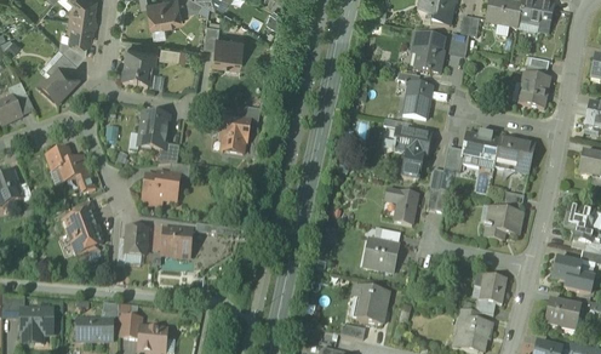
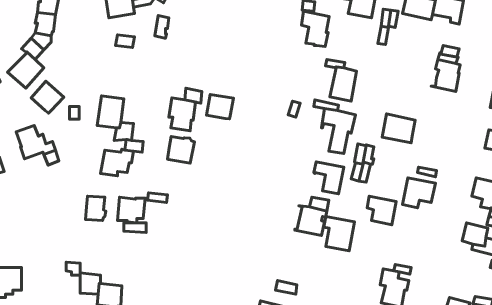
building: [413,32,445,72] -> [302,11,329,46]
building: [213,36,241,63] -> none
building: [122,46,156,85] -> none
building: none -> [31,81,64,113]
building: none -> [207,94,234,119]
building: [496,137,534,173] -> none
building: none -> [167,137,195,163]
building: [63,200,103,252] -> none
building: [474,272,506,304] -> [367,196,396,225]
building: [354,285,389,324] -> [324,217,355,251]
building: [544,299,580,330] -> none
building: [79,321,110,339] -> none

